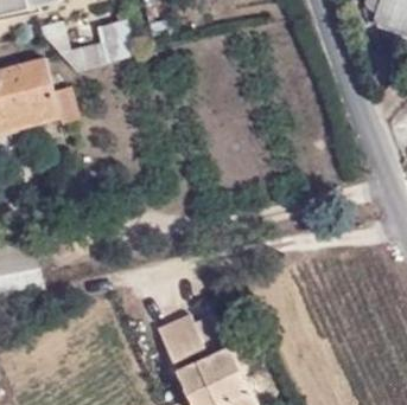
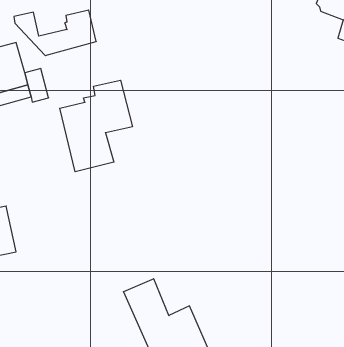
building: none -> [60,80,132,172]

